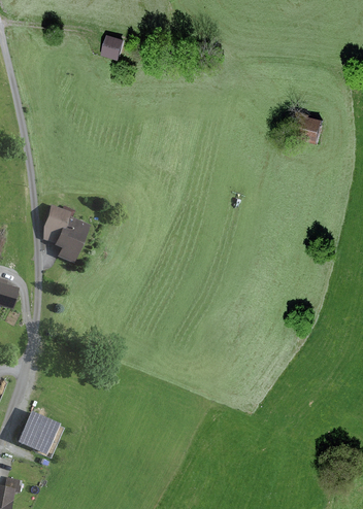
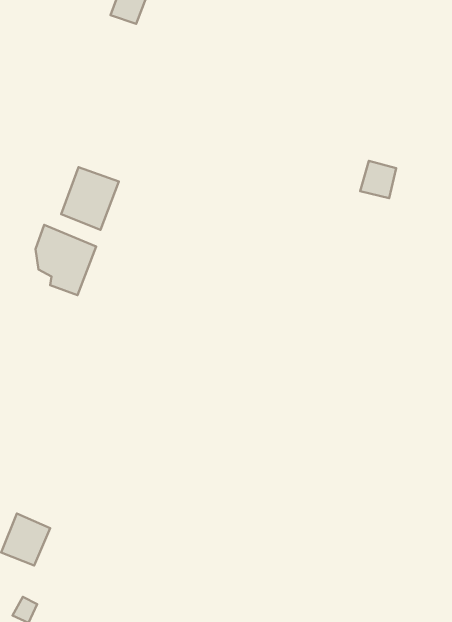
building: [295,115,321,142] -> [360,161,396,198]
building: none -> [61,167,119,230]

